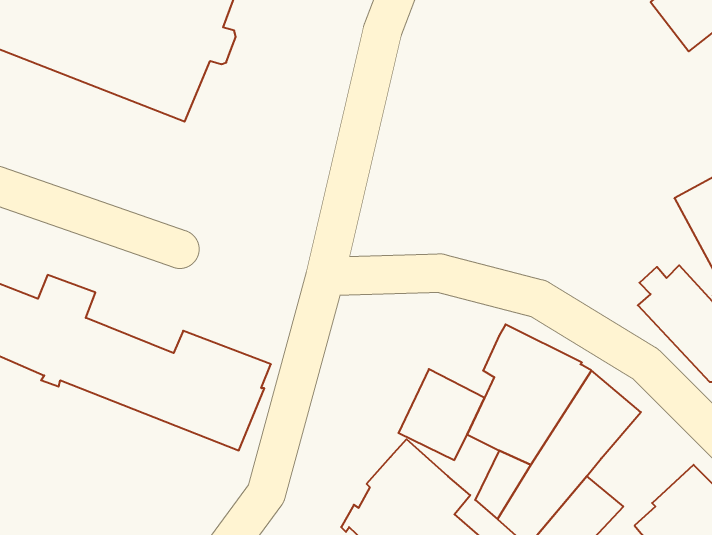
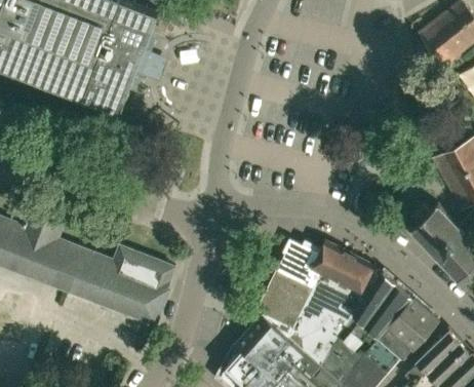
building: none -> [276,240,321,289]
building: none -> [378,299,438,361]
building: none -> [288,313,321,355]

